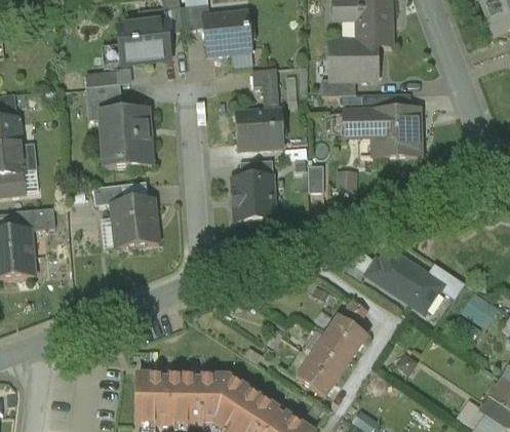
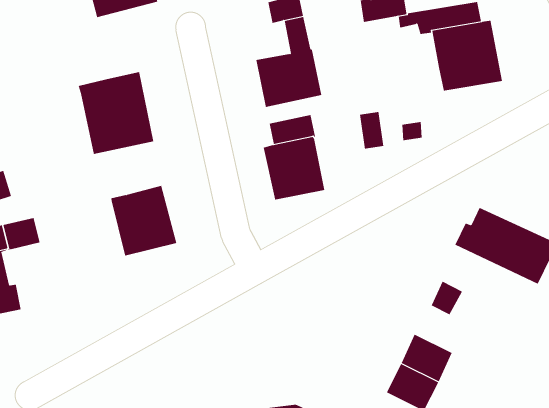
building: [85,82,121,119] -> none
building: [344,111,372,139] -> none
building: [92,183,124,203] -> none
building: [325,315,365,354] -> none

